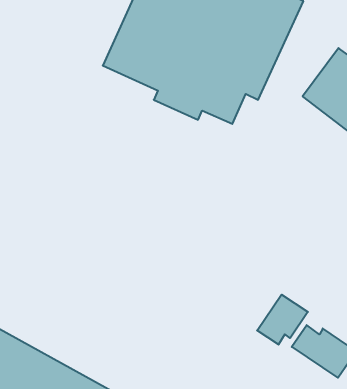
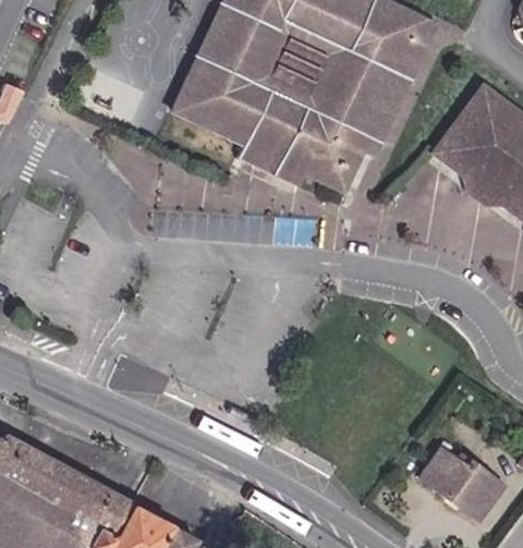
building: [257,295,308,345] -> none

